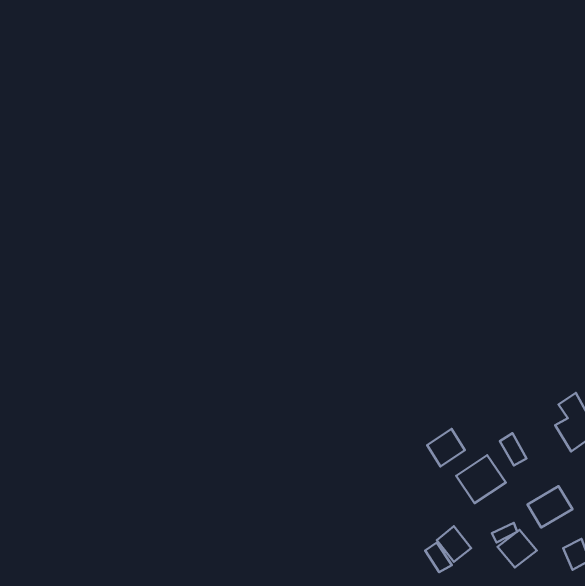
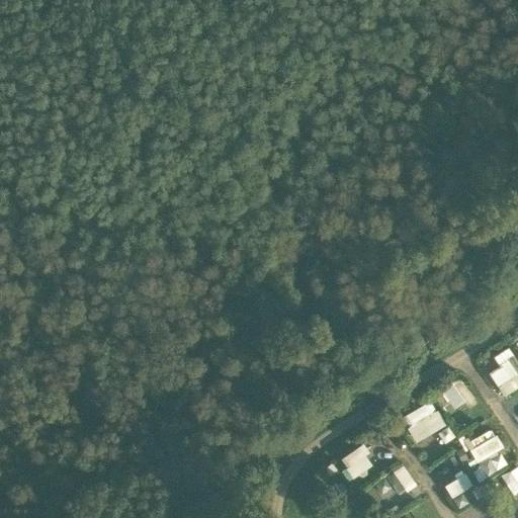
building: [427,429,465,467] -> none
building: none -> [342,446,376,483]

